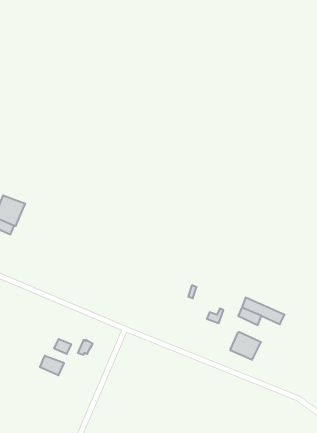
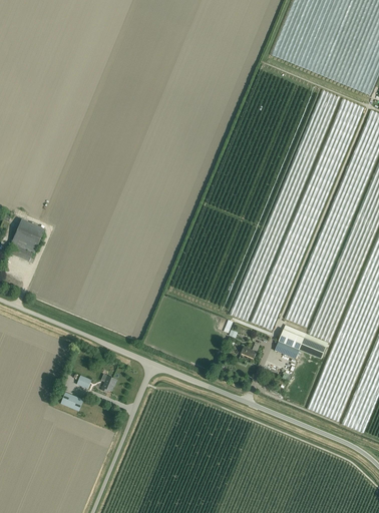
building: [231,332,261,360] -> none

